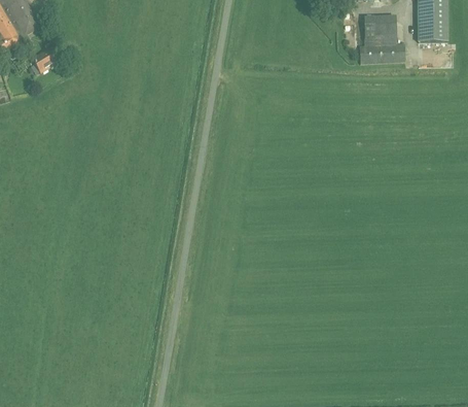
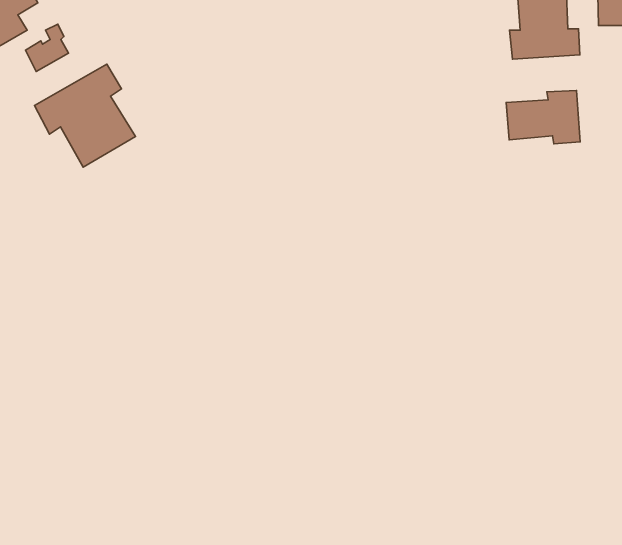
building: none -> [35,64,136,167]
building: none -> [506,91,580,144]

